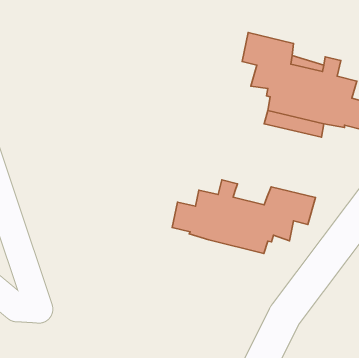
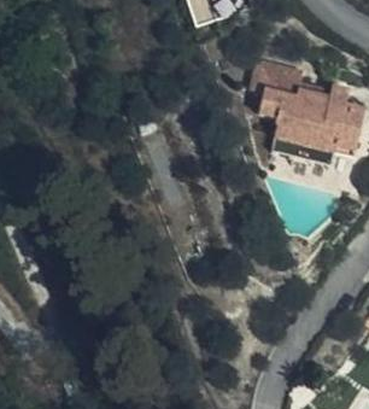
building: [172,180,315,253] -> none

